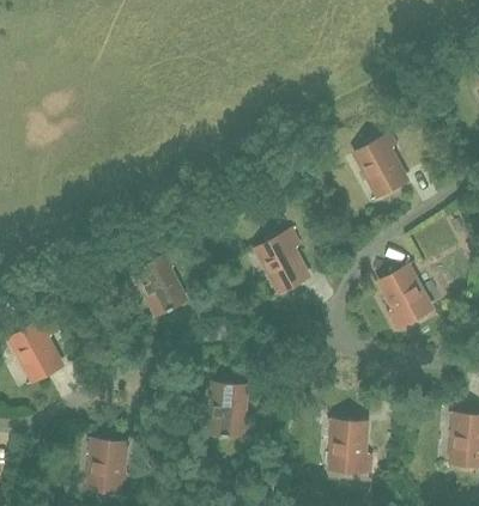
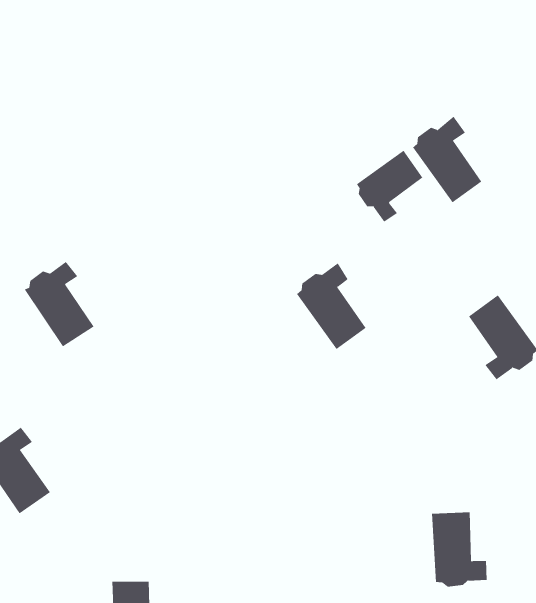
building: none -> [356,150,423,222]
building: [135,252,183,315] -> [24,261,94,347]
building: [211,383,250,439] -> none

